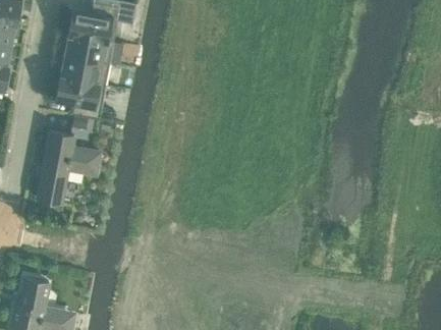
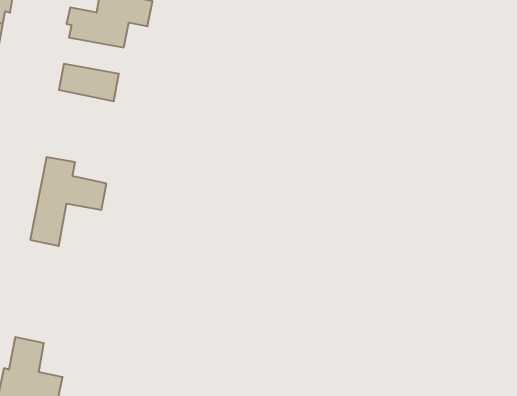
building: [65,34,114,63] -> none
building: [53,76,106,120] -> none

